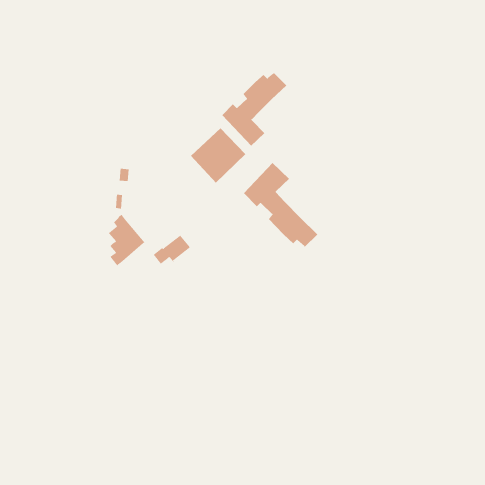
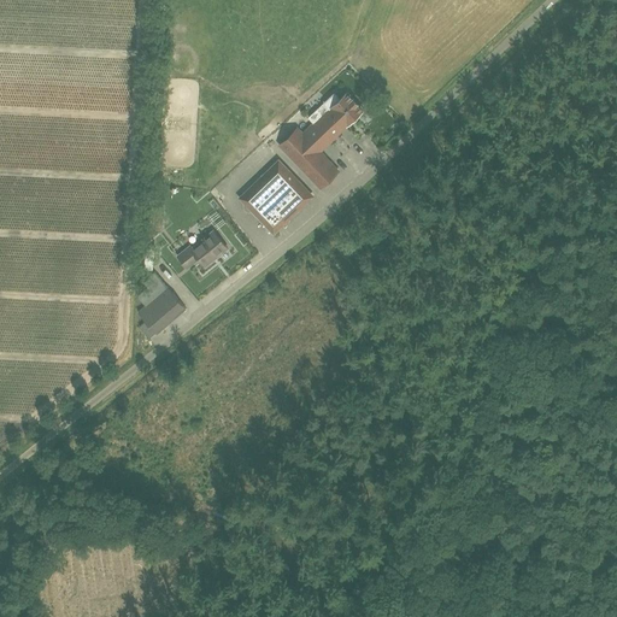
building: [243,162,318,248] -> none
building: [153,235,191,264] -> [180,231,228,269]

